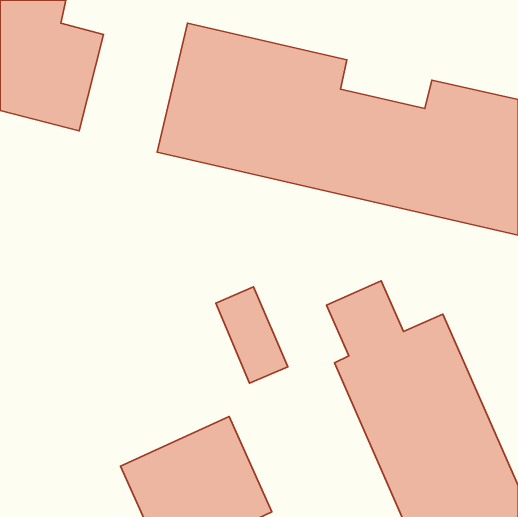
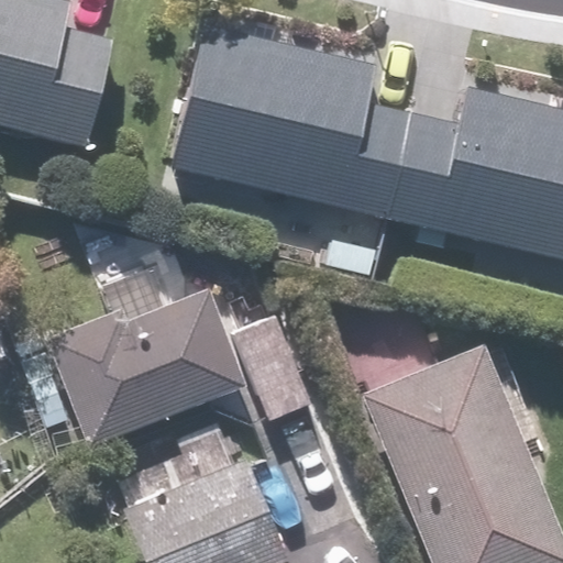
building: none -> [25,288,246,448]

